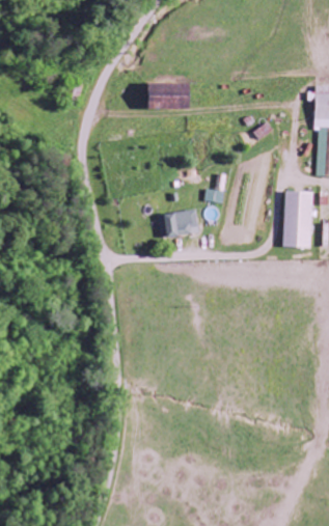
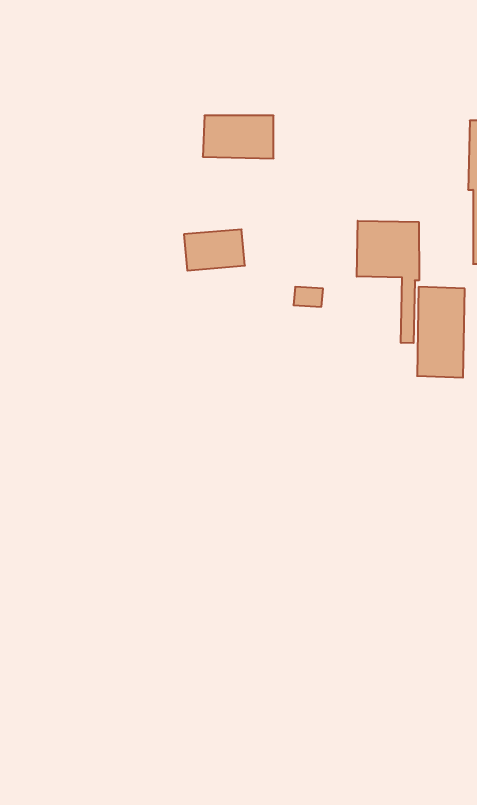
building: none -> [357,221,419,343]
building: [161,211,199,237] -> [184,229,245,271]

